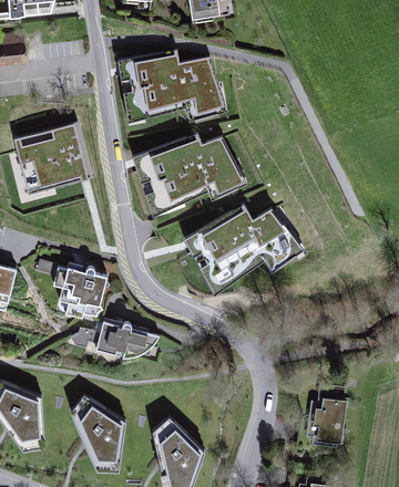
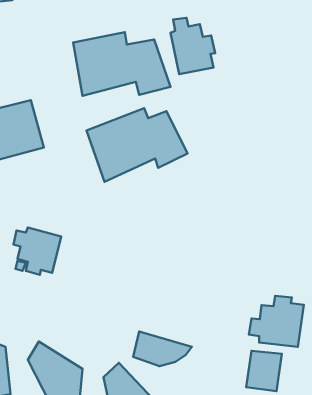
building: none -> [170,18,215,74]
building: [185,206,299,292] -> none
building: [95,319,160,356] -> [133,332,192,366]
building: none -> [249,296,304,347]

